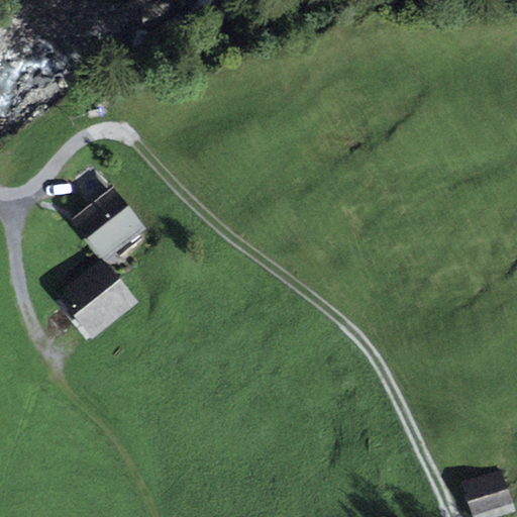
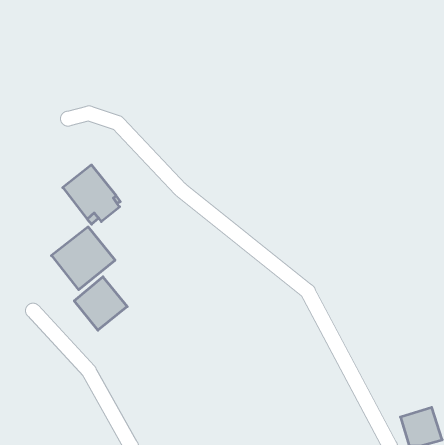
building: none -> [74,277,127,330]

